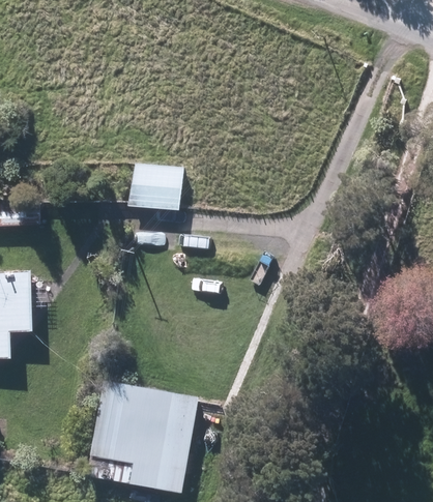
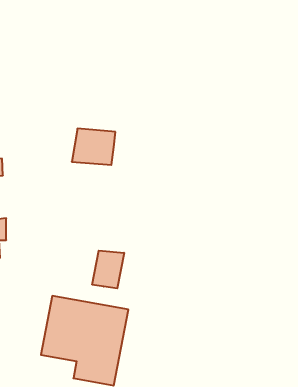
building: none -> [92,251,124,288]

